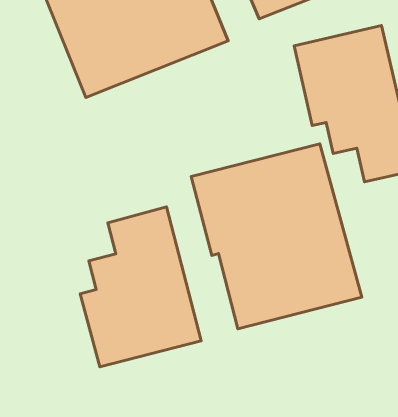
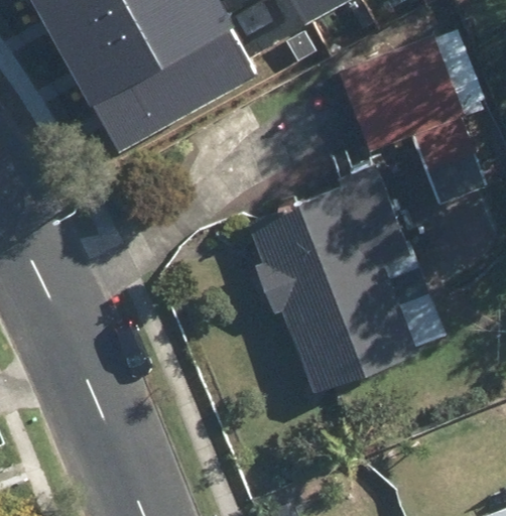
building: [80,207,201,367] -> none

